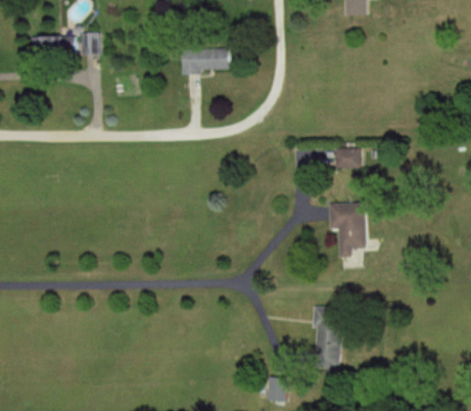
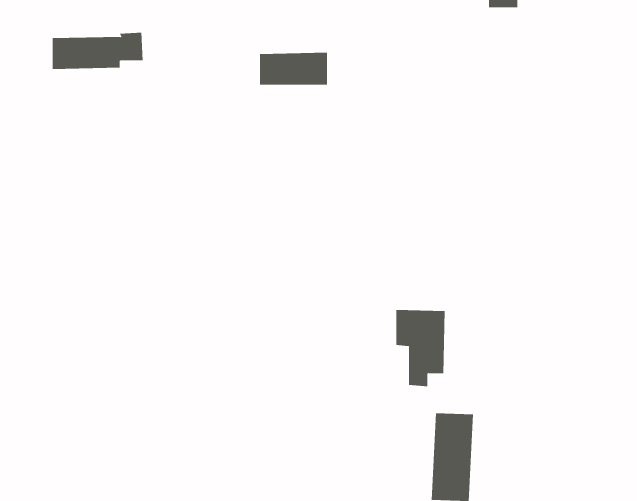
building: [332,148,358,168] -> none
building: [325,203,361,259] -> [395,309,445,387]

